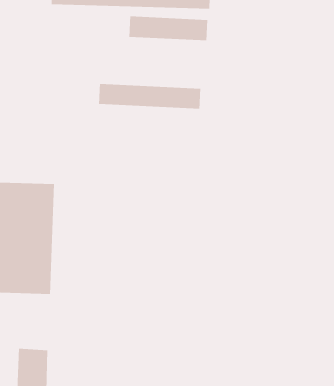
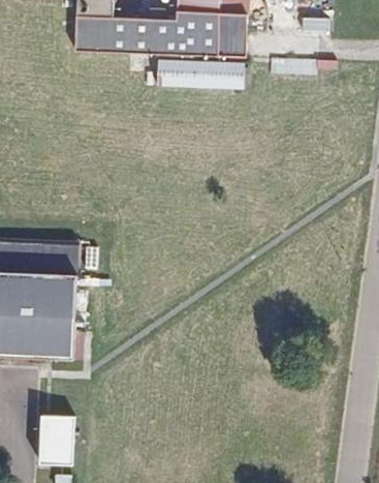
building: [98,83,201,109] -> none

